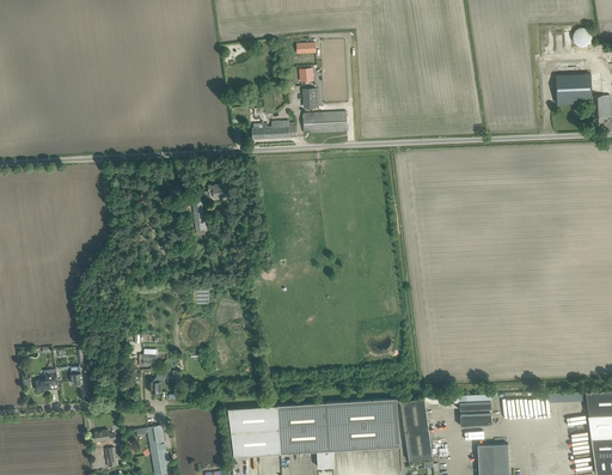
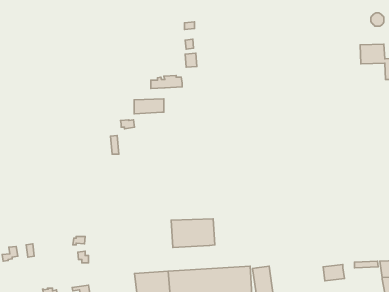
building: [302,112,345,134] -> [134,99,164,114]
building: none -> [171,219,215,248]
building: [459,401,491,427] -> none

